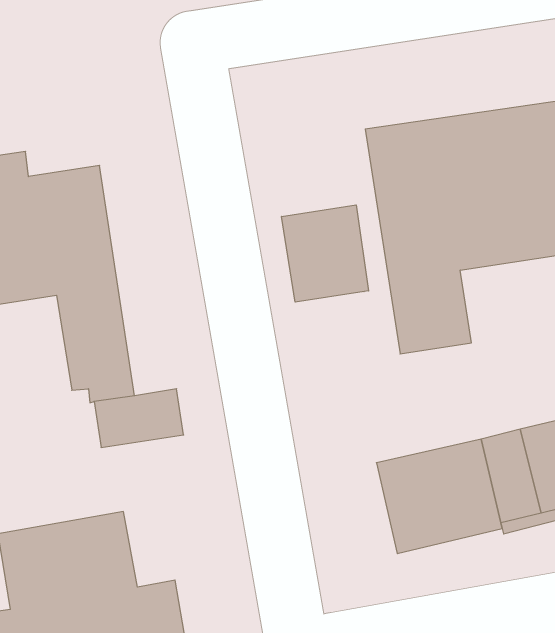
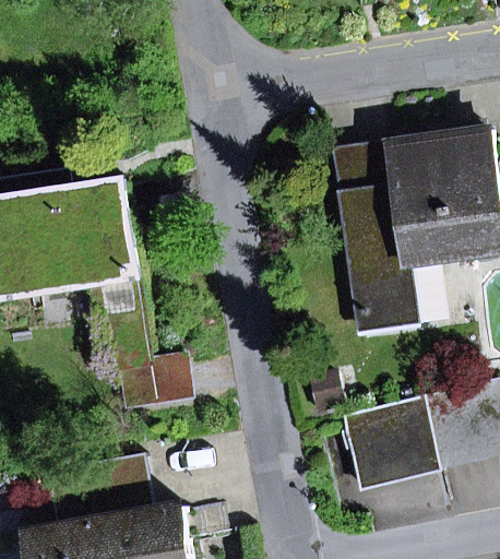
building: [282,205,369,302] -> none

